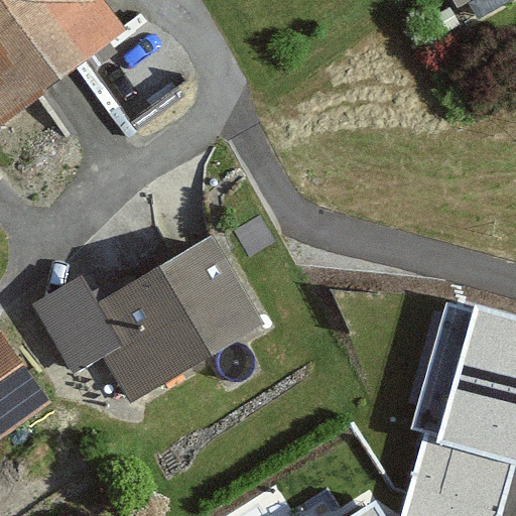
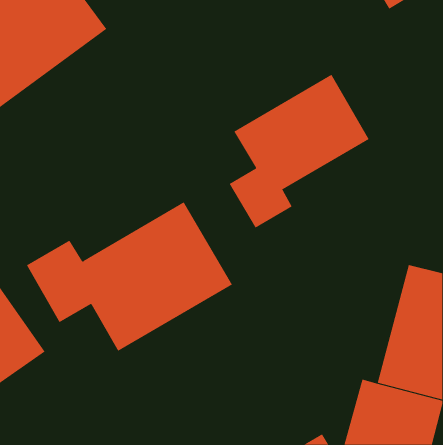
building: none -> [229,74,369,229]

